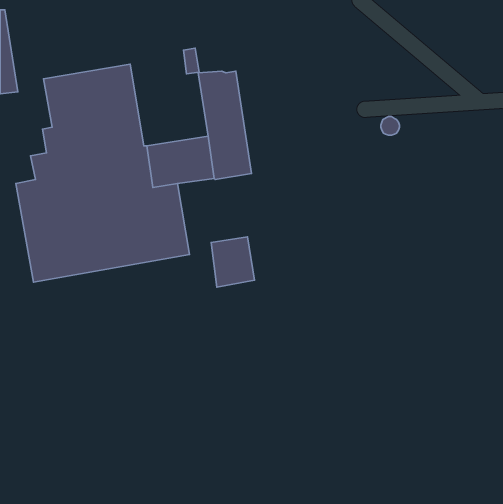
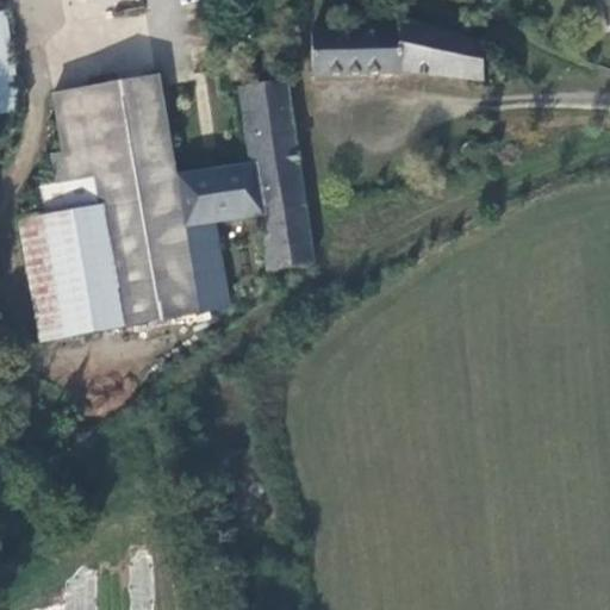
building: none -> [312,5,484,81]
building: [211,237,254,287] -> [261,210,313,270]

